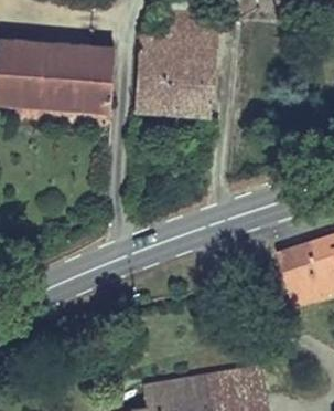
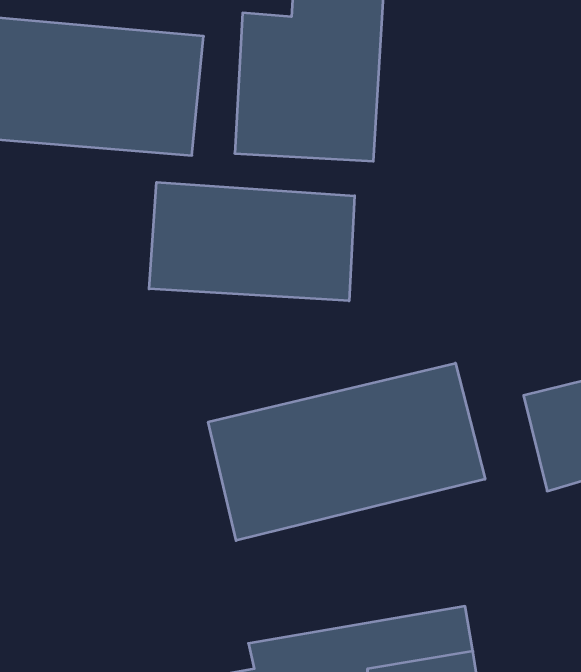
building: none -> [149,182,355,301]
building: none -> [208,363,485,541]

